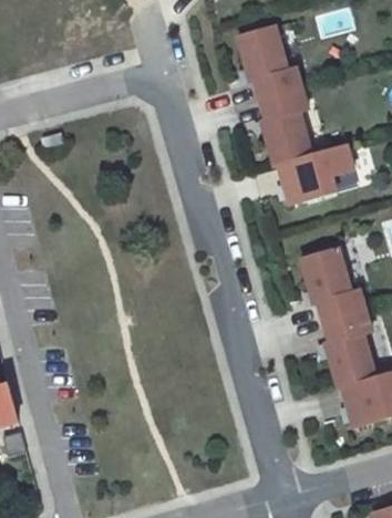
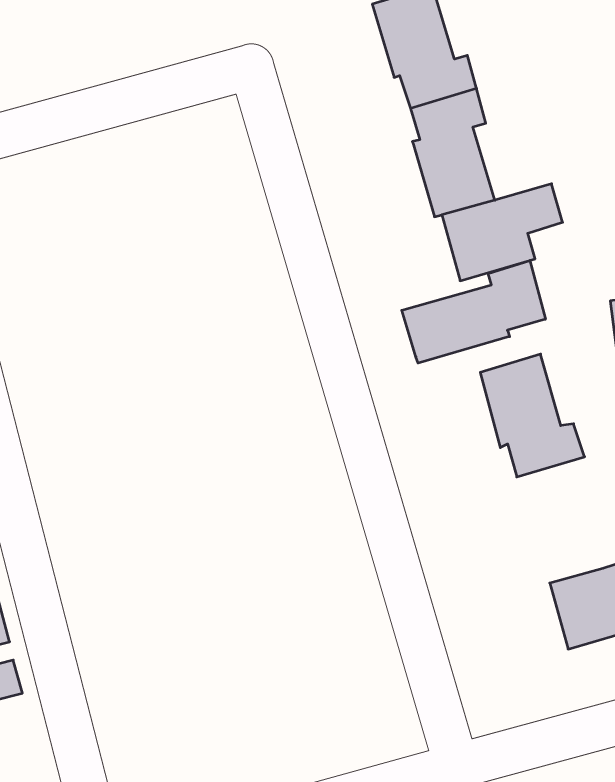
building: none -> [402,260,545,363]
building: [324,309,376,386] -> none

